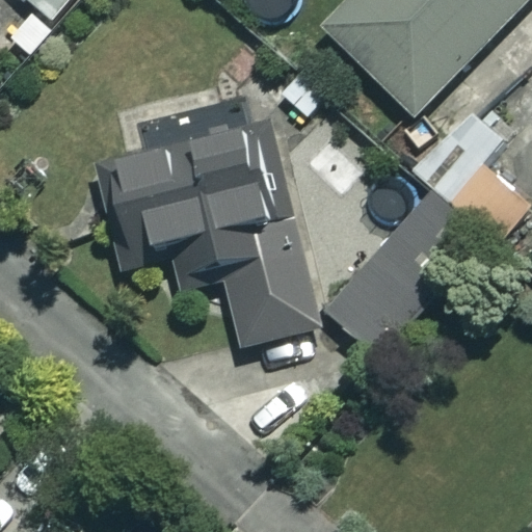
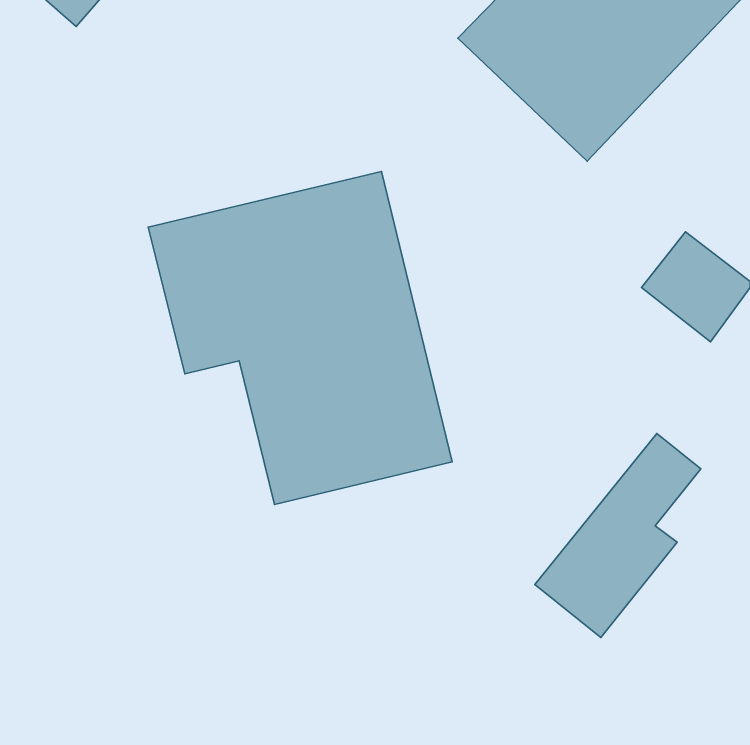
building: [329,206,447,350] -> [535,434,701,637]

